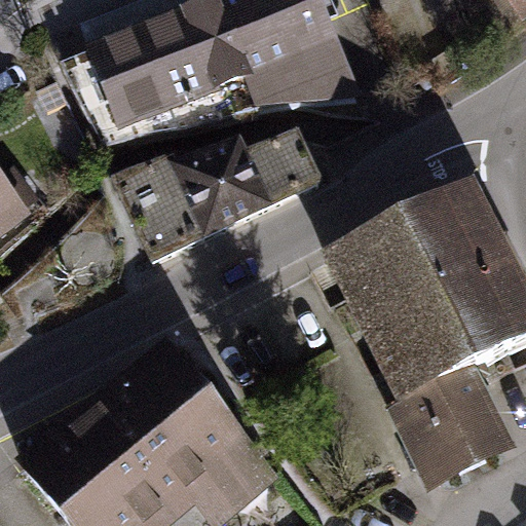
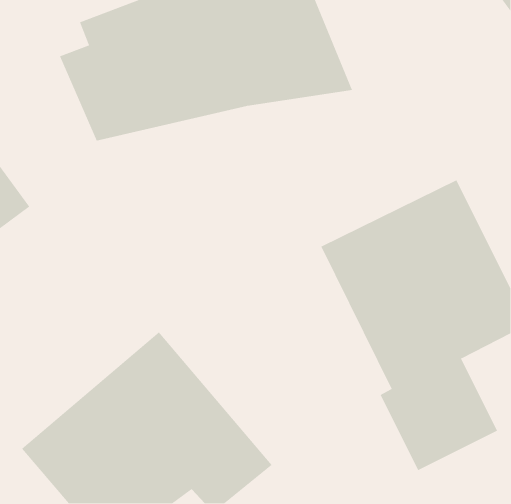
building: [115,133,329,261] -> none

